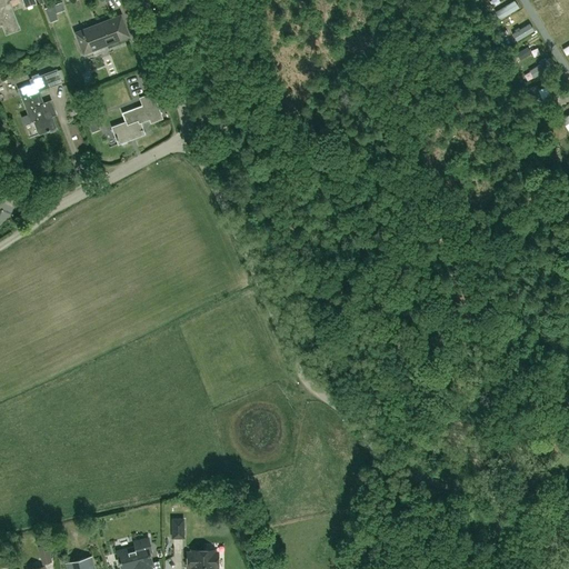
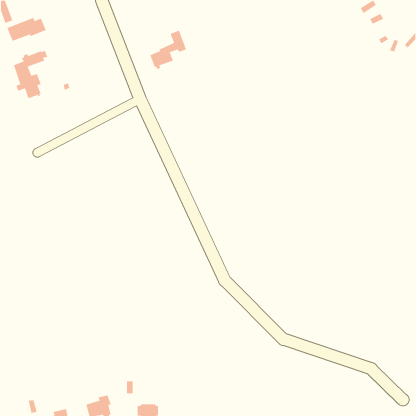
building: [74,19,129,52] -> [7,17,46,42]
building: [111,93,162,148] -> [149,30,187,70]

